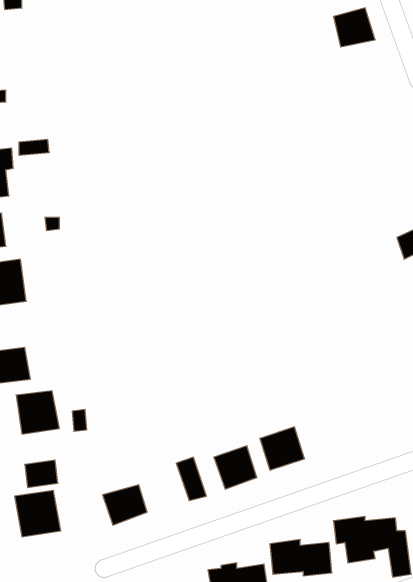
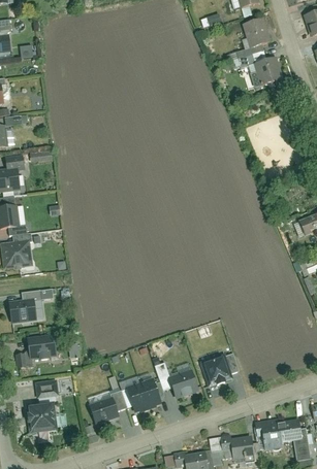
building: none -> [126,380,151,411]

